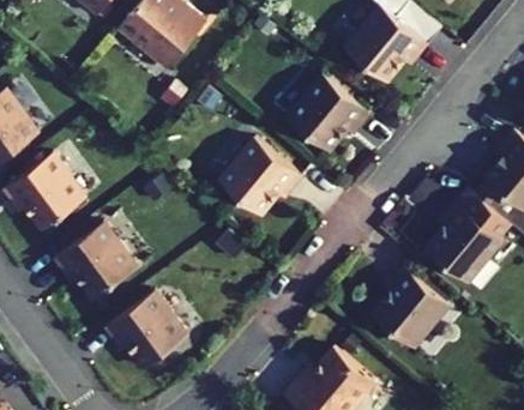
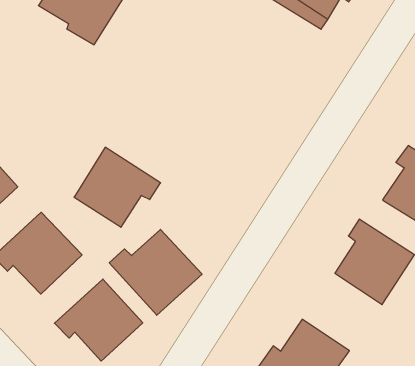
building: [287,74,371,151] -> none
building: [219,138,302,215] -> [74,147,161,227]
building: none -> [109,229,202,315]

